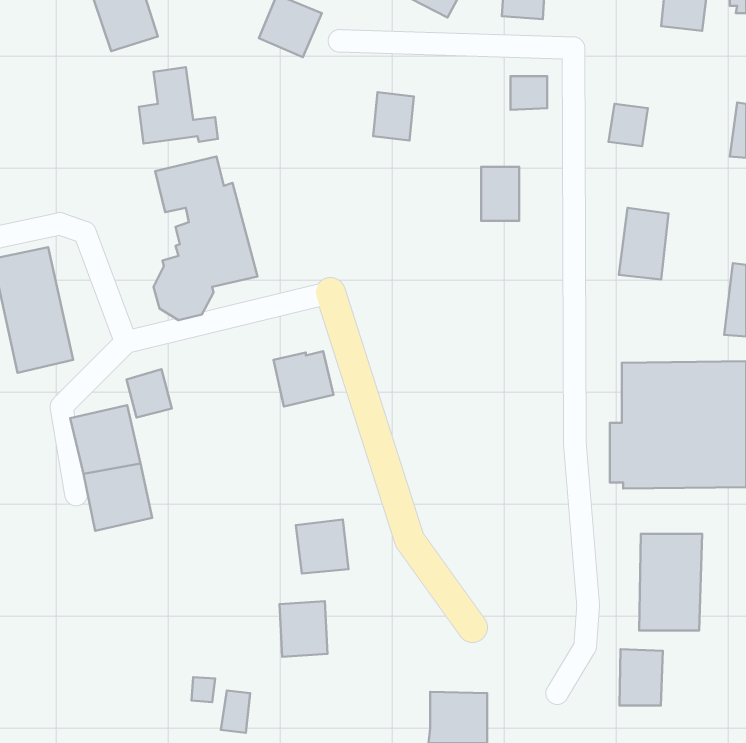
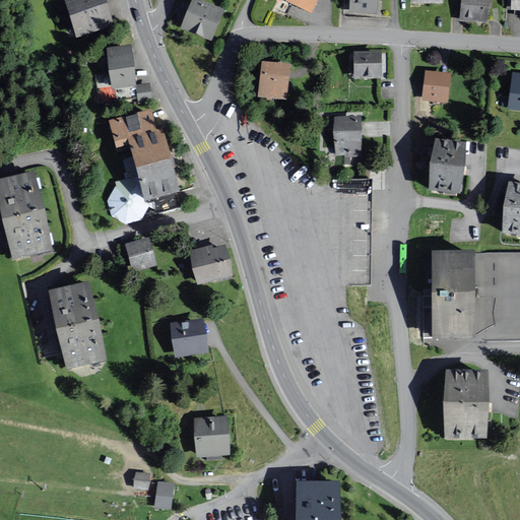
building: [126,369,172,417] -> [125,236,156,269]
building: [296,519,349,574] -> [171,317,207,354]
building: [620,649,663,706] -> none

